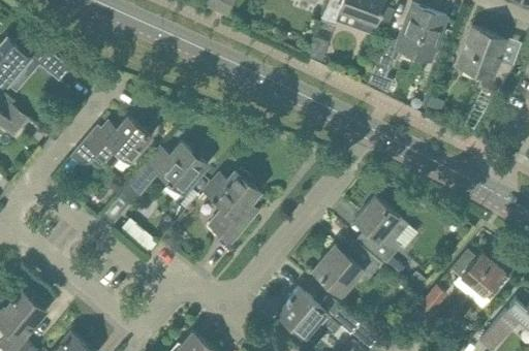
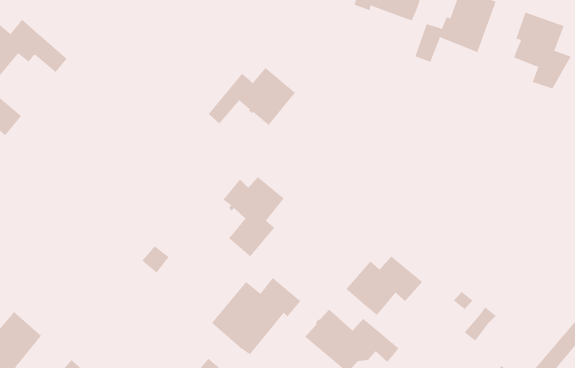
building: [70,116,151,166] -> none
building: [130,142,208,194] -> [208,67,296,126]
building: [355,197,408,263] -> none
building: [450,250,508,302] -> none
building: none -> [211,277,301,355]

